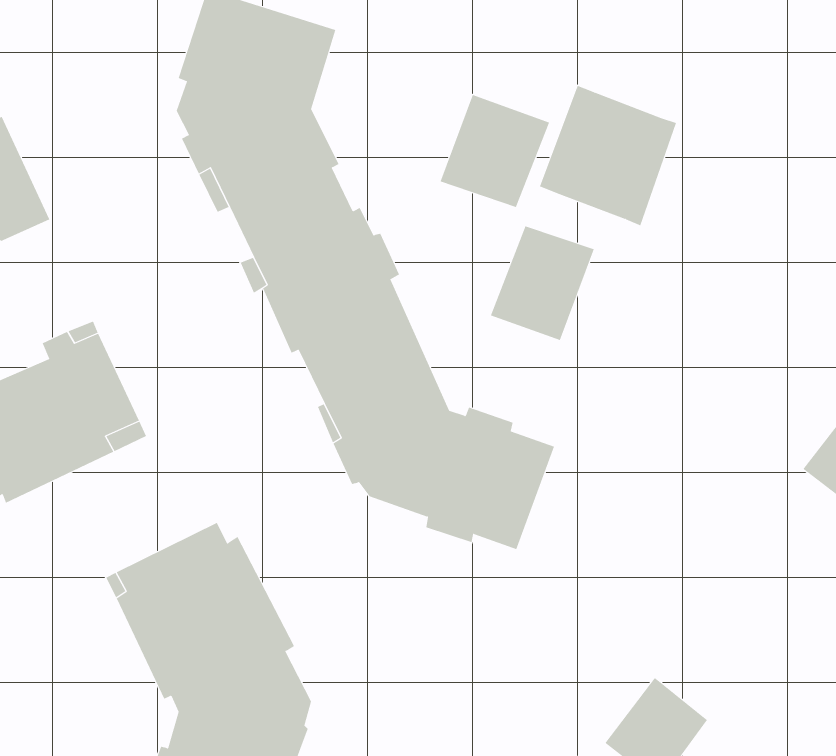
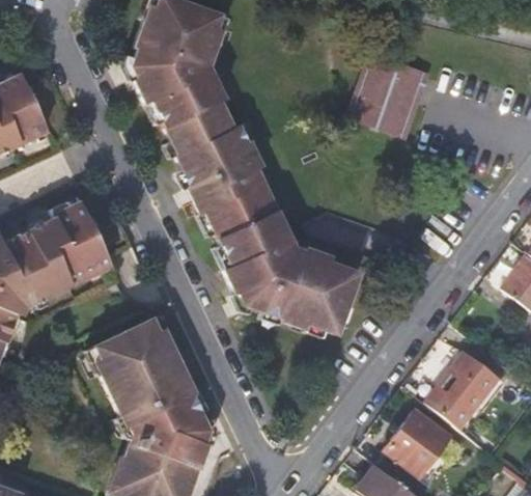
building: [440,94,550,208] -> none
building: [490,226,594,341] -> none
building: none -> [426,351,500,429]

